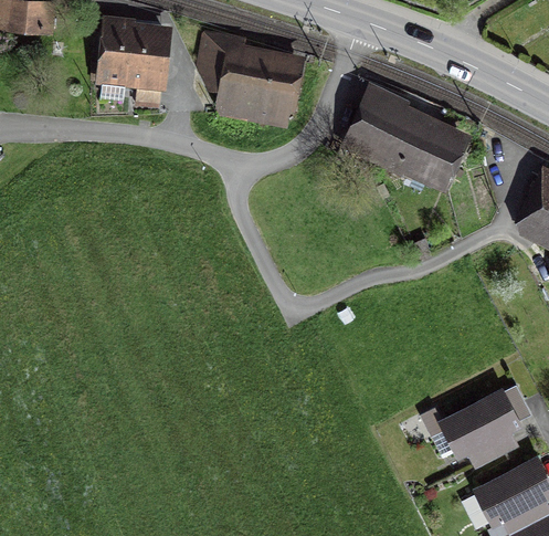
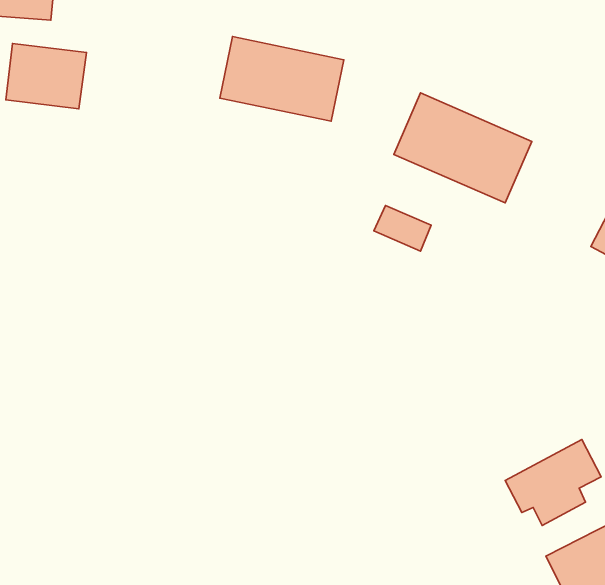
building: [99,25,169,82] -> [6,44,87,109]
building: none -> [374,206,431,251]

